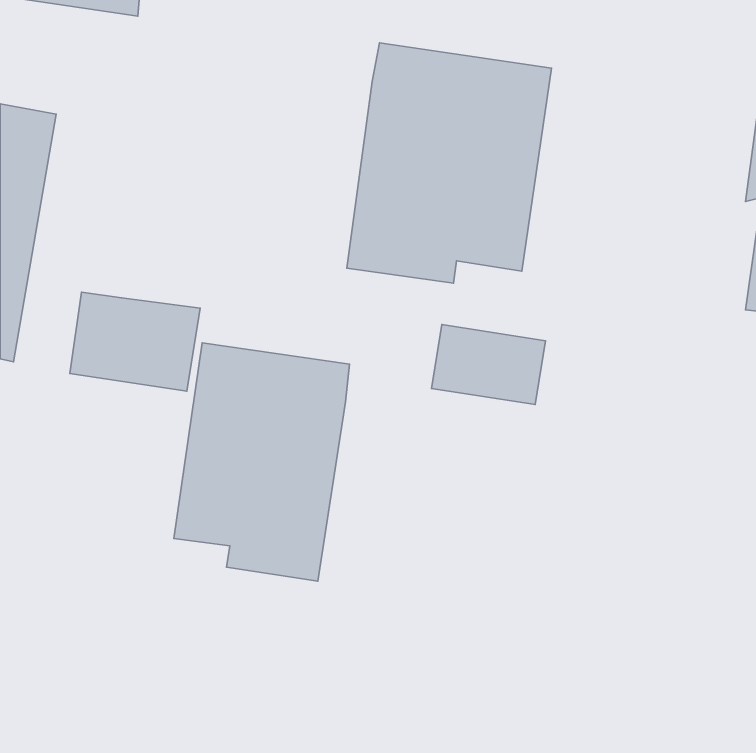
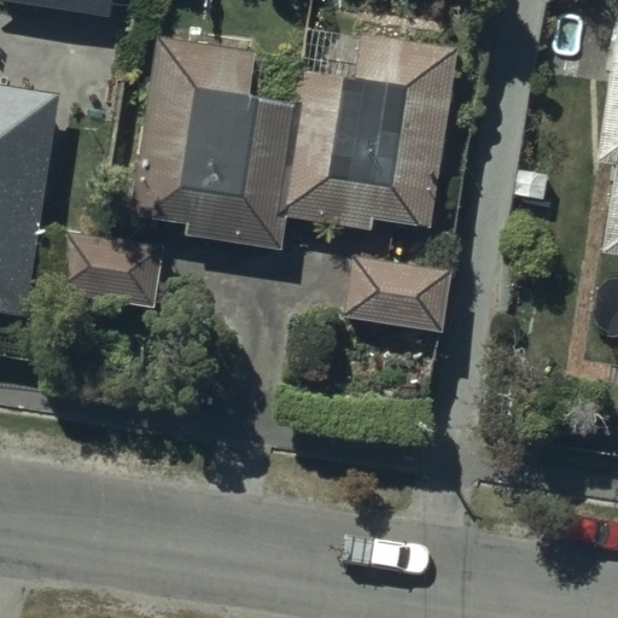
building: none -> [146,48,304,247]
building: [174,343,350,581] -> none

